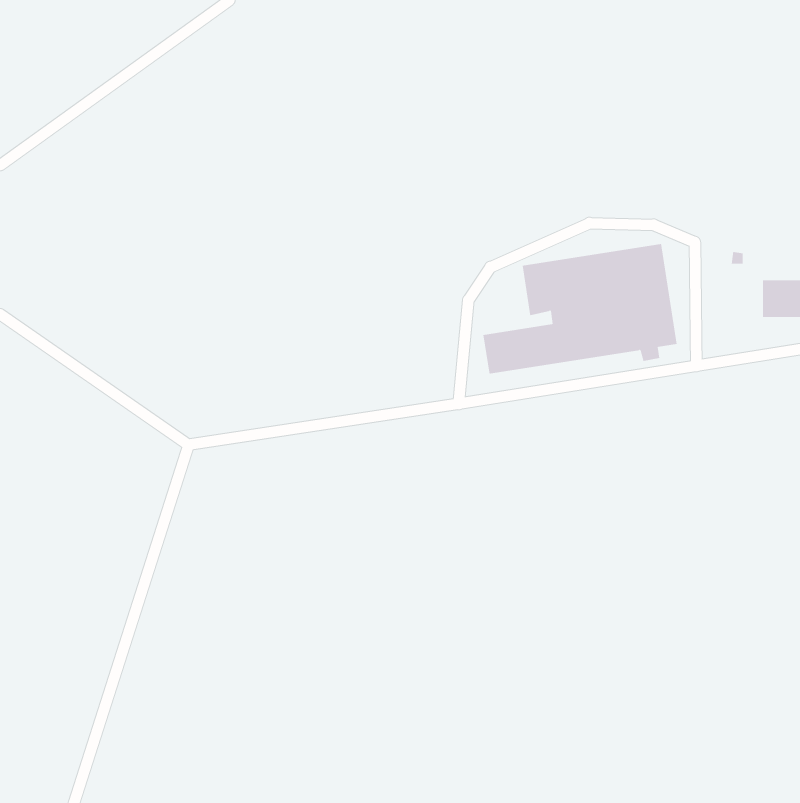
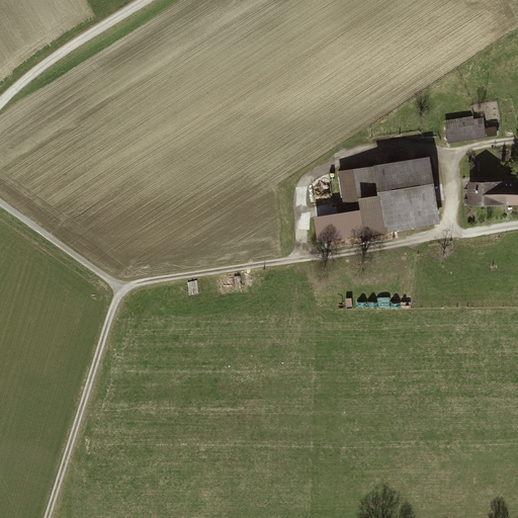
building: none -> [445,117,498,144]
building: none -> [465,180,493,204]

